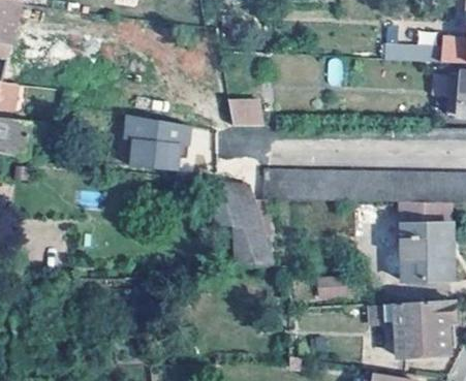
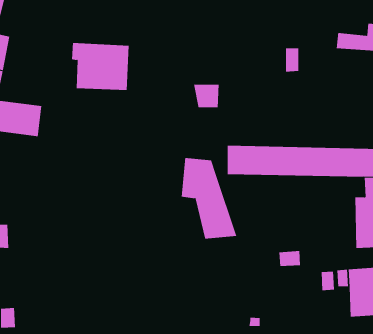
building: [121,119,185,171] -> [71,43,129,90]

